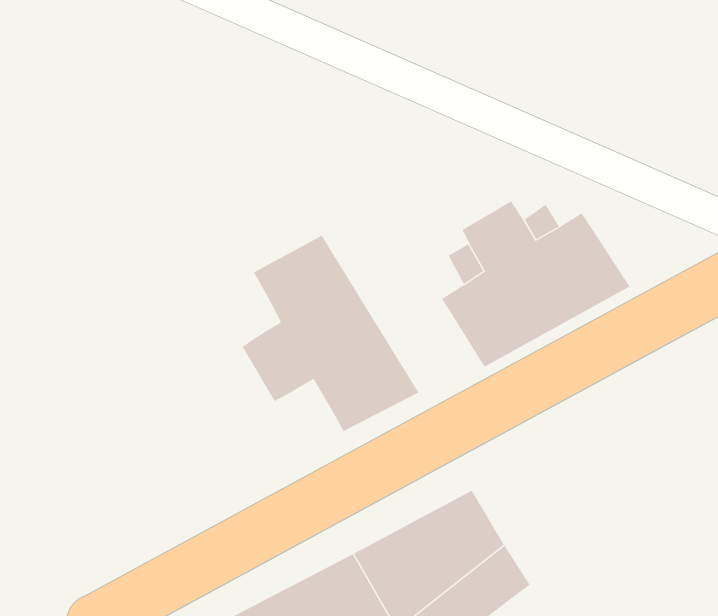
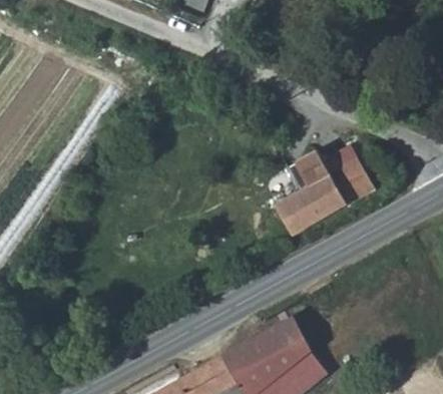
building: [242,235,419,432] -> none

